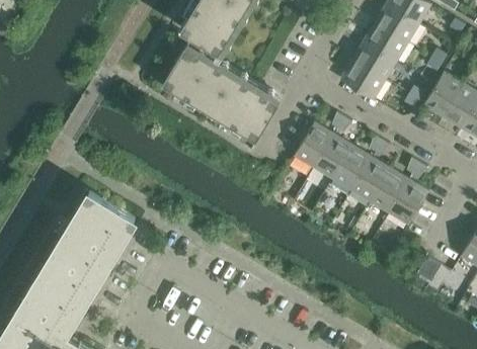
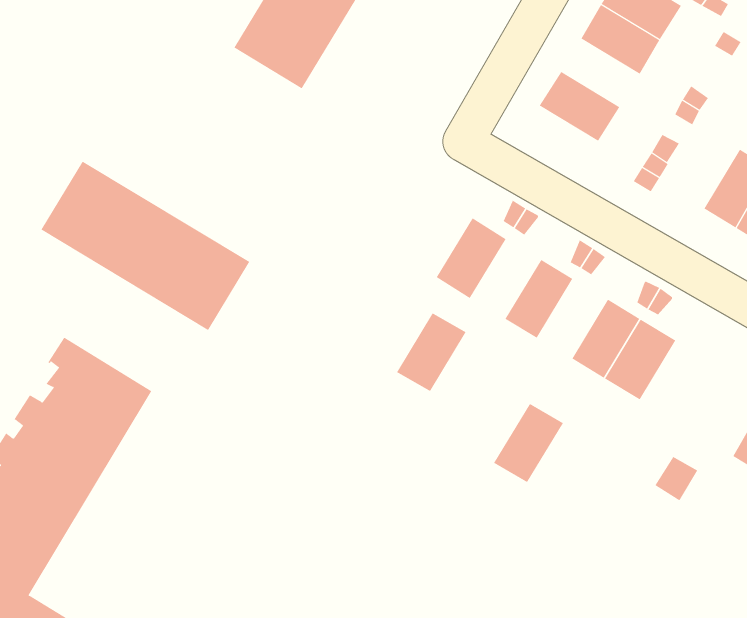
building: [364,23,408,62] -> none
building: [162,46,280,141] -> [40,161,250,331]
building: [340,61,385,100] -> none
building: [423,73,464,118] -> none
building: [313,136,352,180] -> [396,312,467,392]
building: [350,158,390,202] -> [493,403,564,483]

